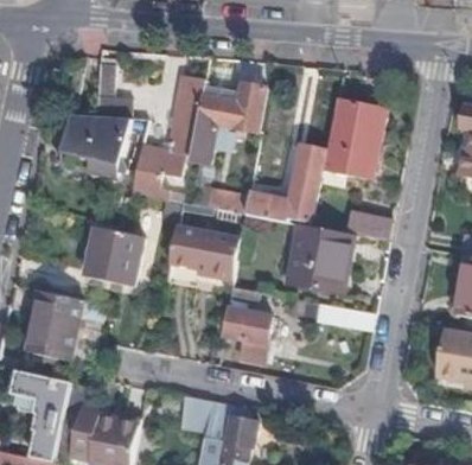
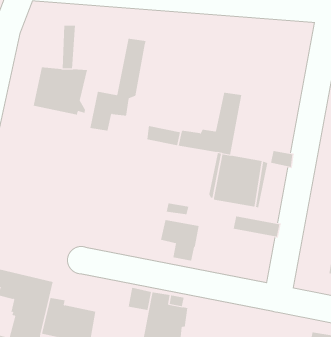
building: [187,79,264,164] -> none
building: [321,96,384,178] -> none
building: [167,222,240,279] -> none
building: [84,228,141,287] -> none
building: [25,291,79,361] -> none

